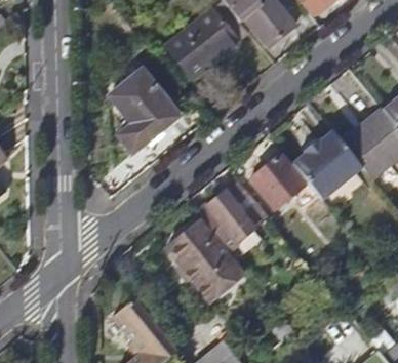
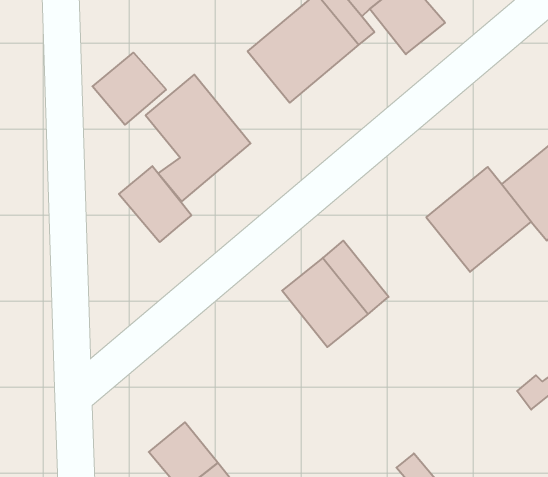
building: none -> [92,53,166,125]
building: none -> [119,166,191,242]
building: [249,153,306,208] -> none
building: [165,219,243,299] -> none

